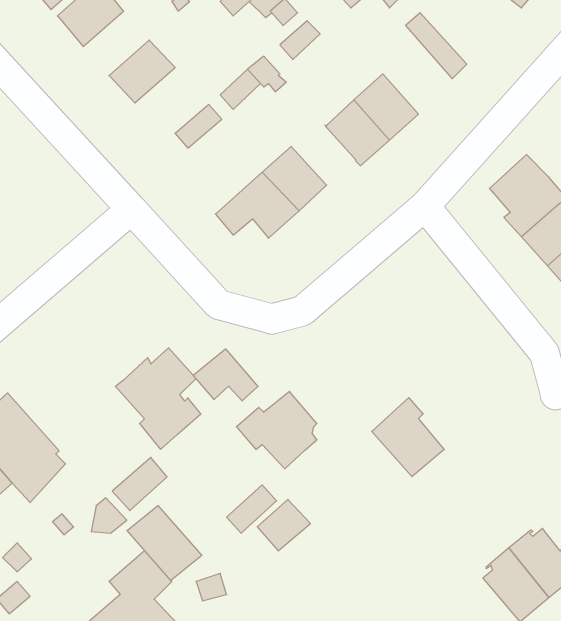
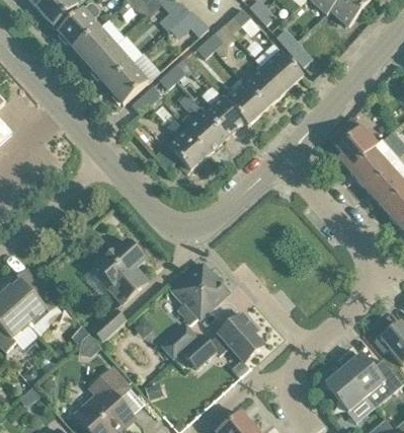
building: none -> [73,27,114,68]
building: none -> [254,43,302,92]
building: none -> [105,63,147,104]
building: none -> [204,95,244,137]
building: [193,349,258,401] -> none
building: [372,398,444,477] -> [218,312,263,362]
building: [127,506,202,580] -> none

